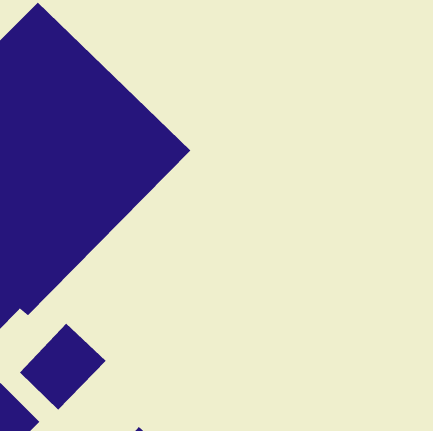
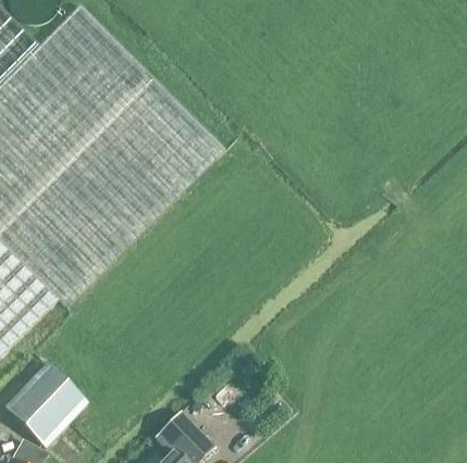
building: [19,323,106,410] -> none

